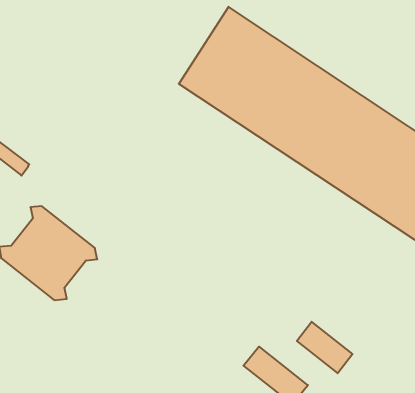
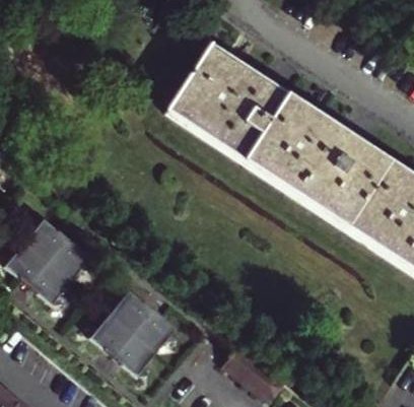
building: none -> [91,289,180,374]
building: [297,322,352,373] -> none

